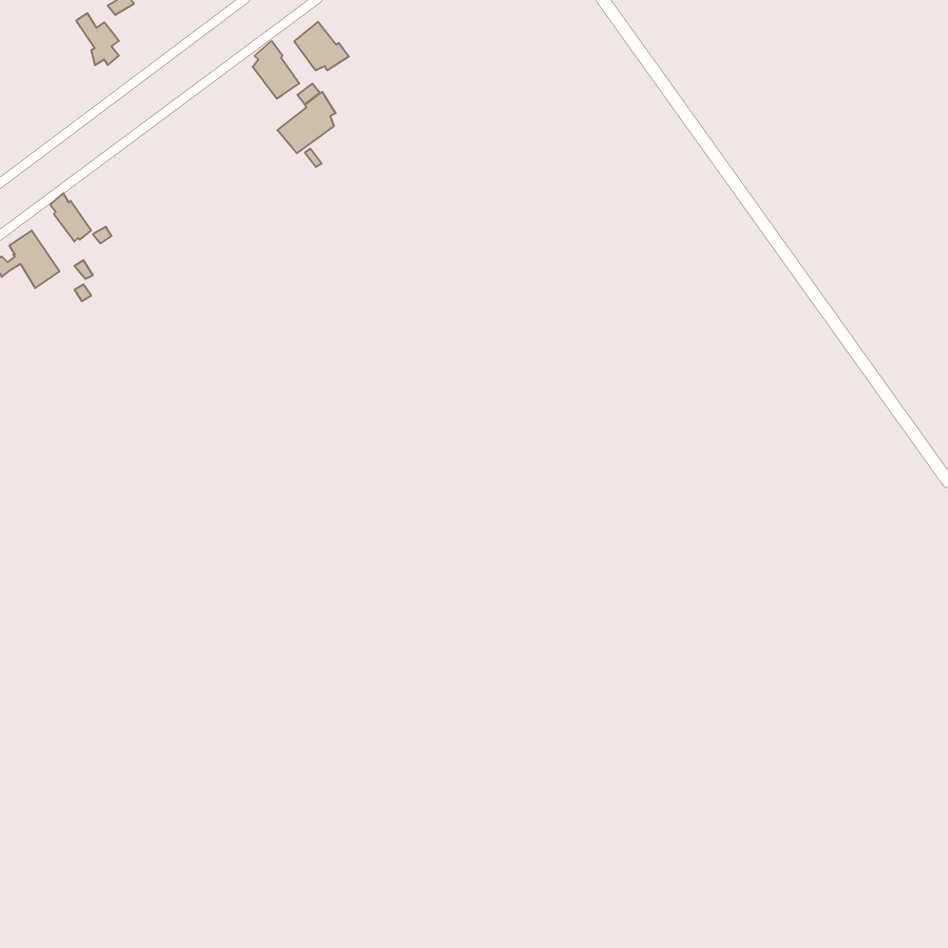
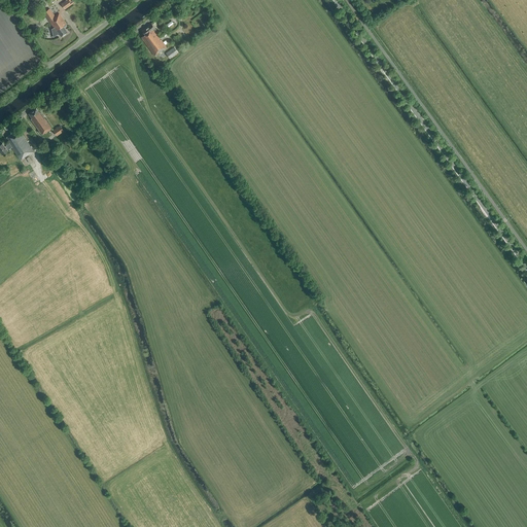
building: [294,22,349,70] -> none
building: [277,92,336,153] -> none

